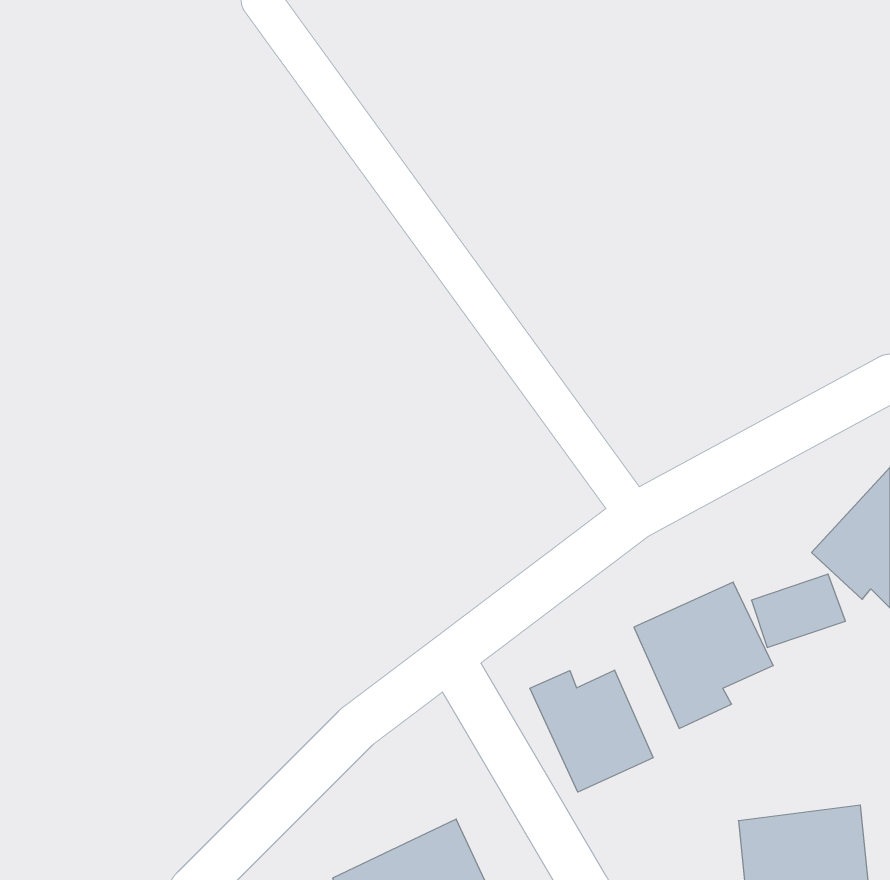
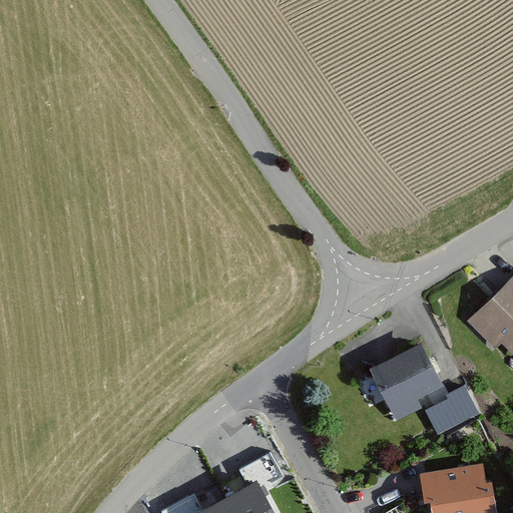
building: [751,574,845,647] -> [425,389,479,431]
building: [530,670,653,792] -> none

